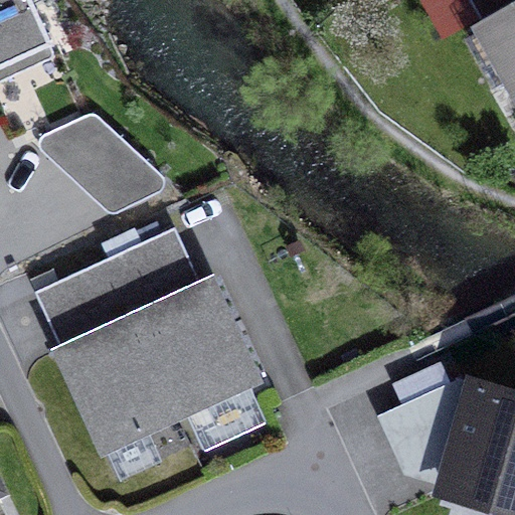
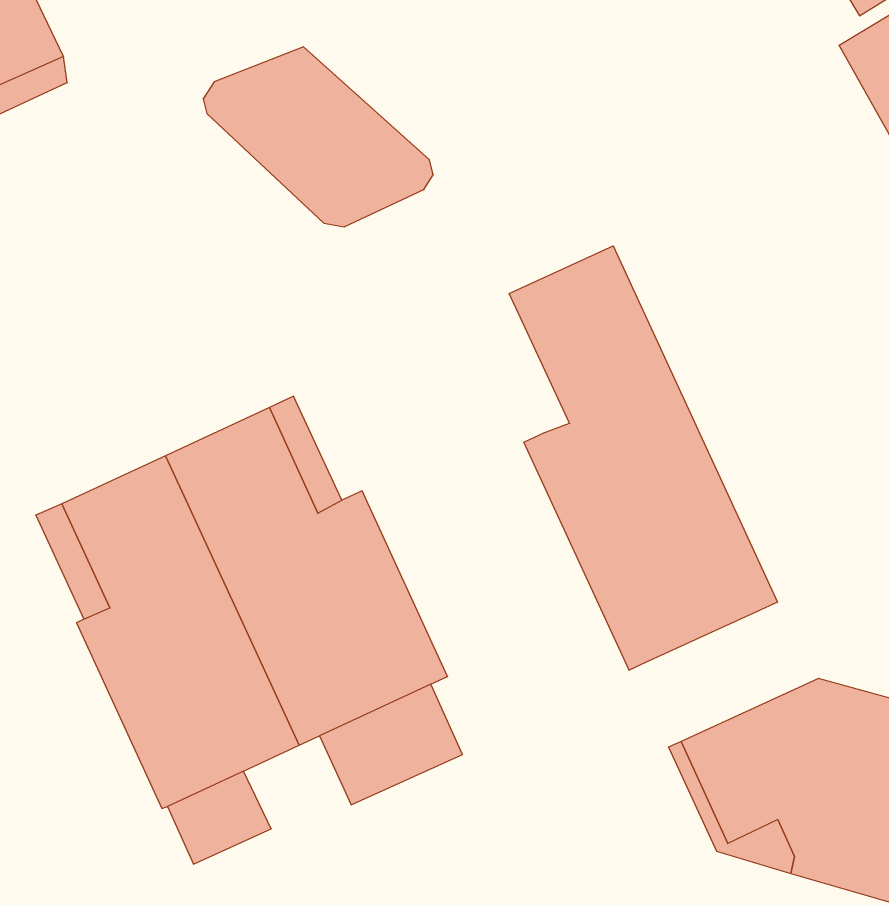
building: [40,114,165,211] -> [203,47,433,227]
building: none -> [509,246,777,670]

